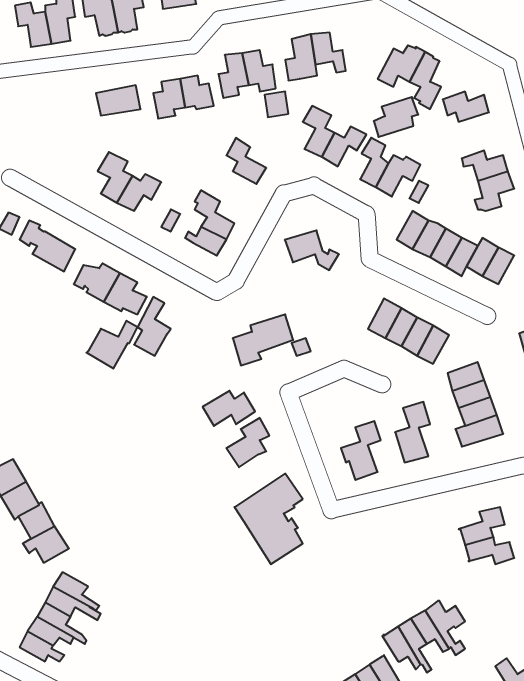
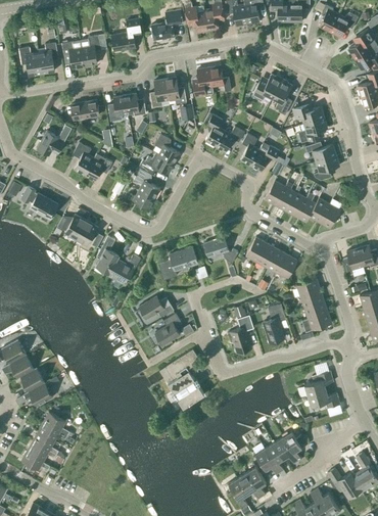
building: [374,97,418,137] -> [298,118,327,143]
building: none -> [37,125,72,155]
building: none -> [139,153,174,174]
building: [285,230,339,270] -> [203,237,238,263]
building: [86,321,137,369] -> [107,254,140,285]

